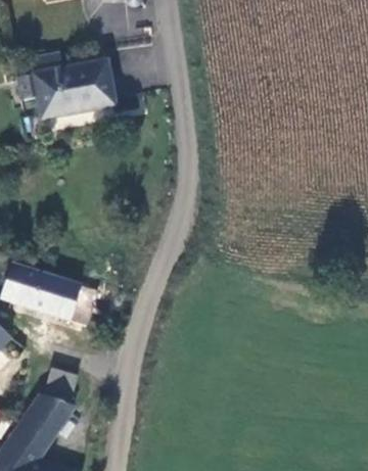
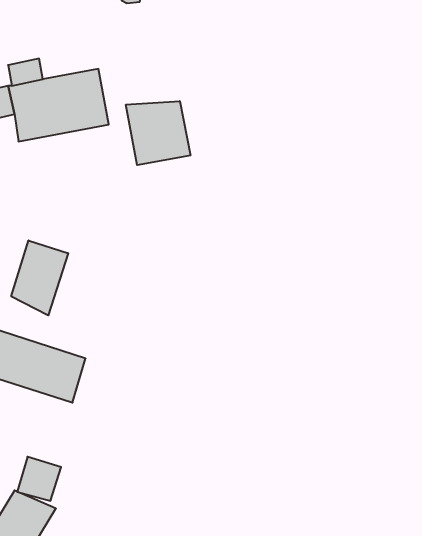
building: none -> [126,101,190,165]
building: none -> [11,240,68,315]

